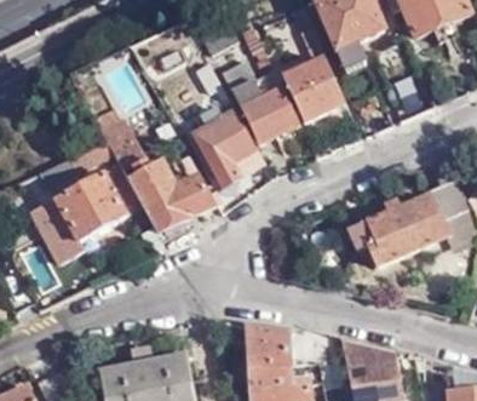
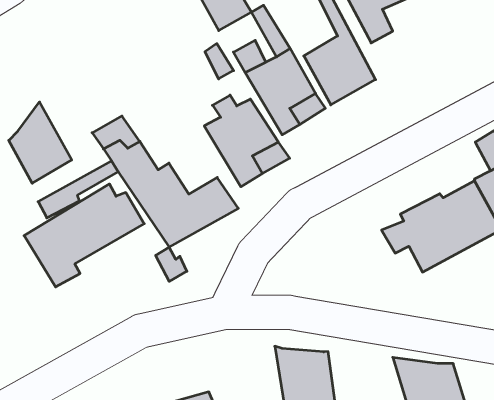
building: none -> [9,102,72,183]

